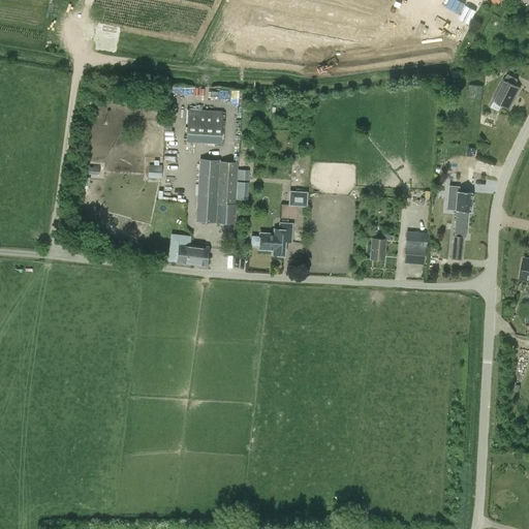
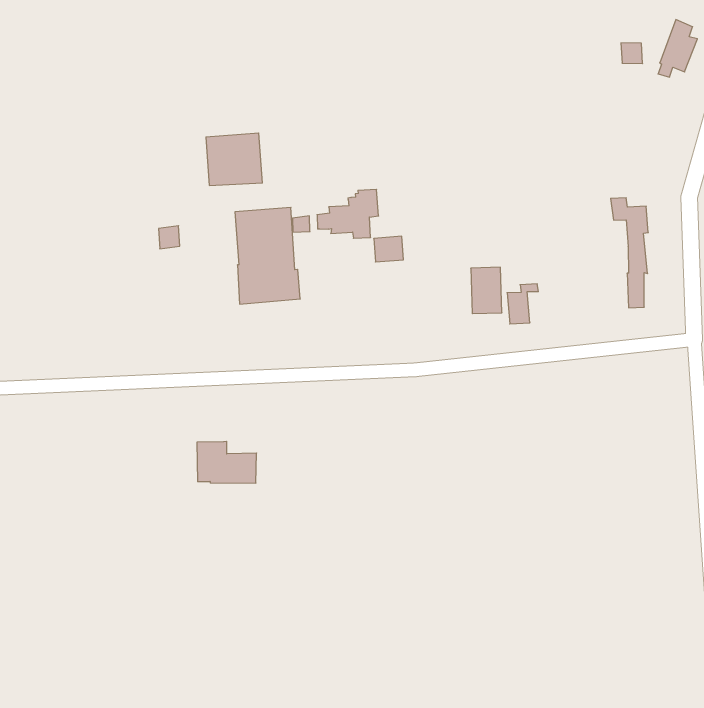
building: [250,223,292,255] -> [317,189,379,238]
building: [404,231,427,263] -> [471,267,502,314]
building: [167,235,209,267] -> [197,441,257,483]

